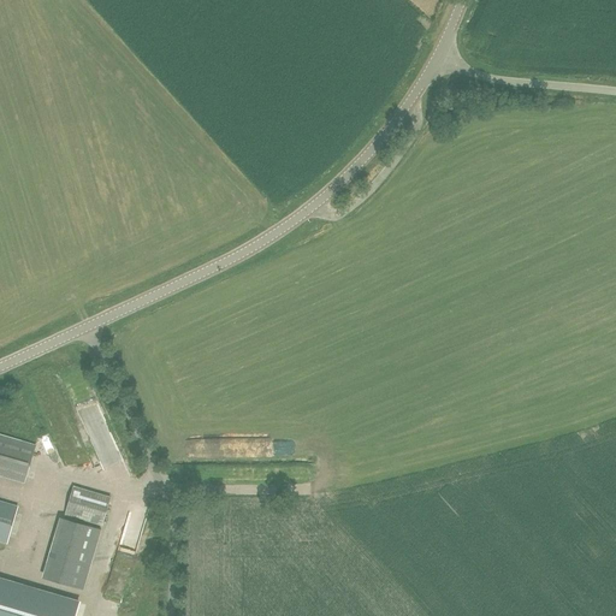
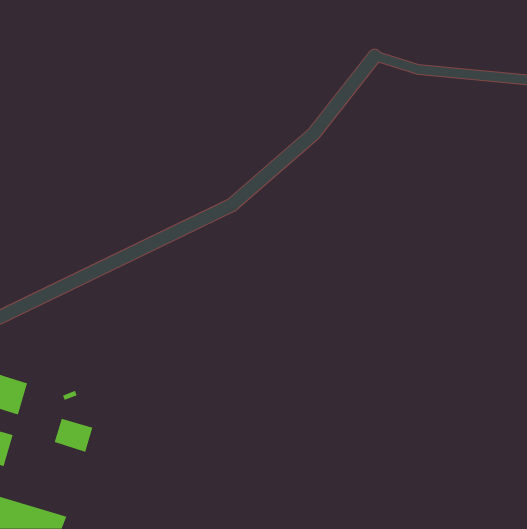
building: [45,519,99,590] -> none

